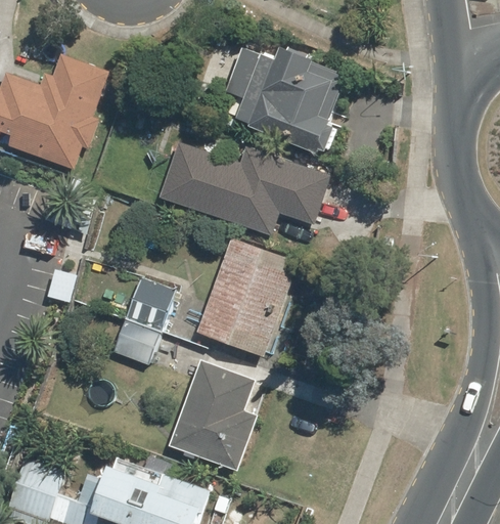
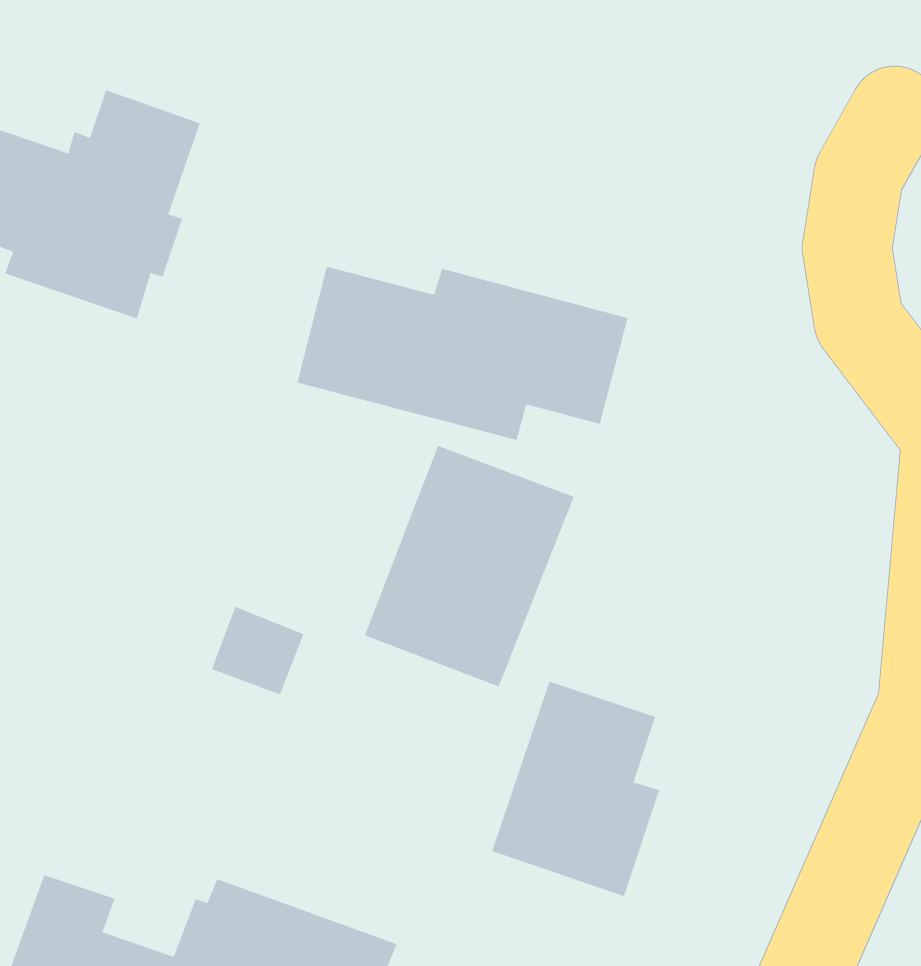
building: [229,46,339,138] -> none
building: [128,275,178,328] -> none
building: [170,359,257,471] -> [491,681,660,897]

